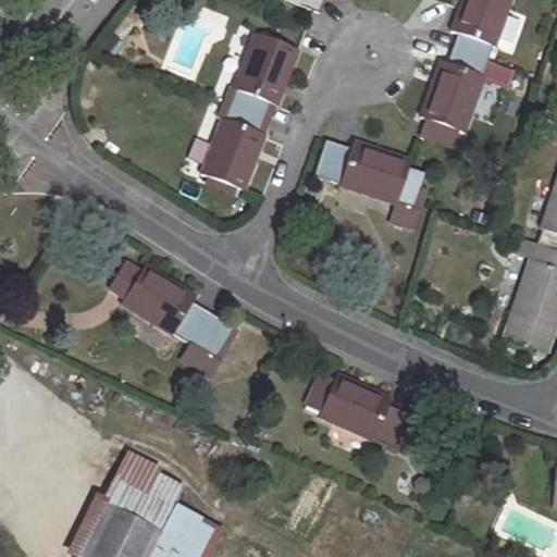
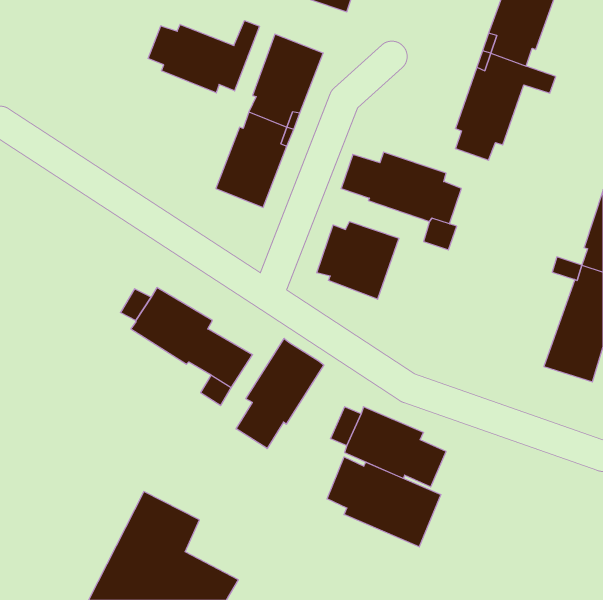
building: none -> [148,21,259,93]
building: none -> [317,222,399,299]
building: none -> [236,338,324,449]
building: none -> [327,457,441,547]

